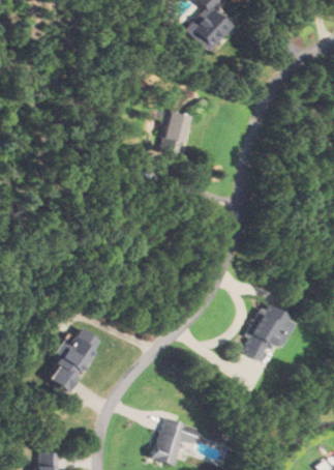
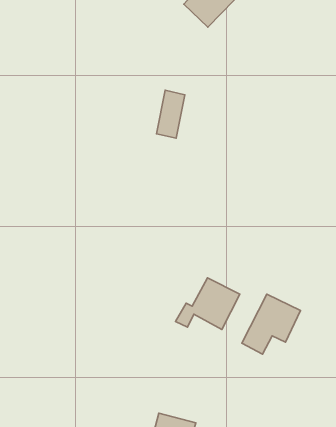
building: none -> [175,278,240,329]
building: [49,327,102,392] -> none

